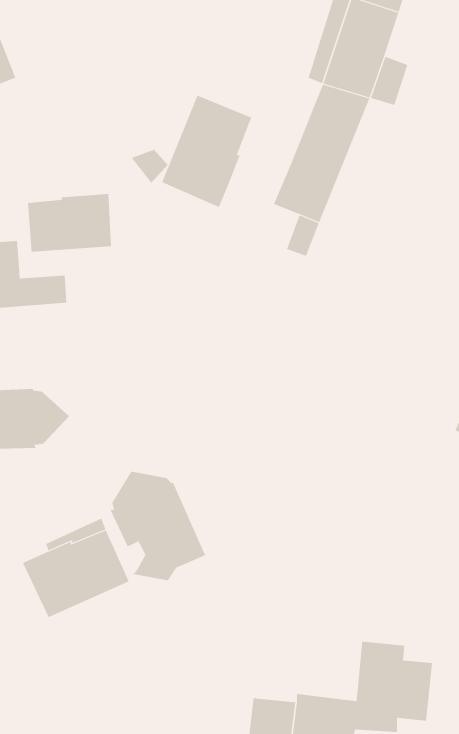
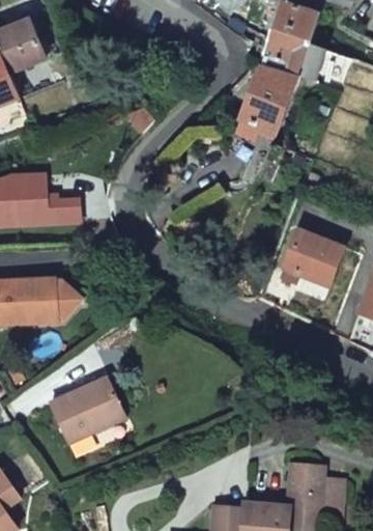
building: [161,95,252,208] -> none
building: [28,193,111,252] -> none
building: none -> [285,229,344,284]
building: [110,471,206,581] -> none

